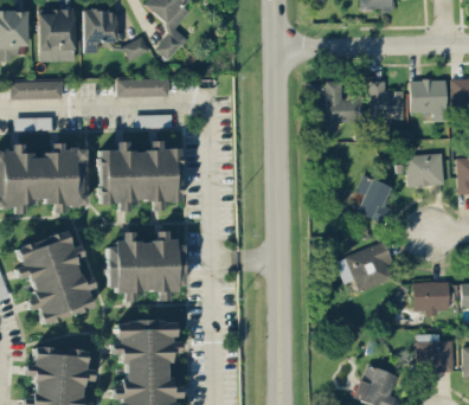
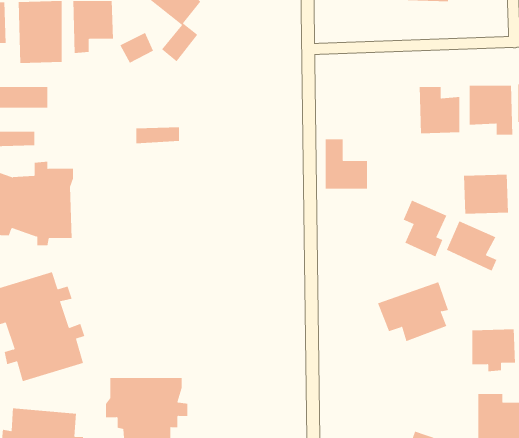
building: [117,78,169,96] -> none
building: [327,81,362,122] -> [325,139,368,189]
building: [98,140,180,211] -> none
building: none -> [446,221,497,271]
building: [107,231,184,301] -> none

